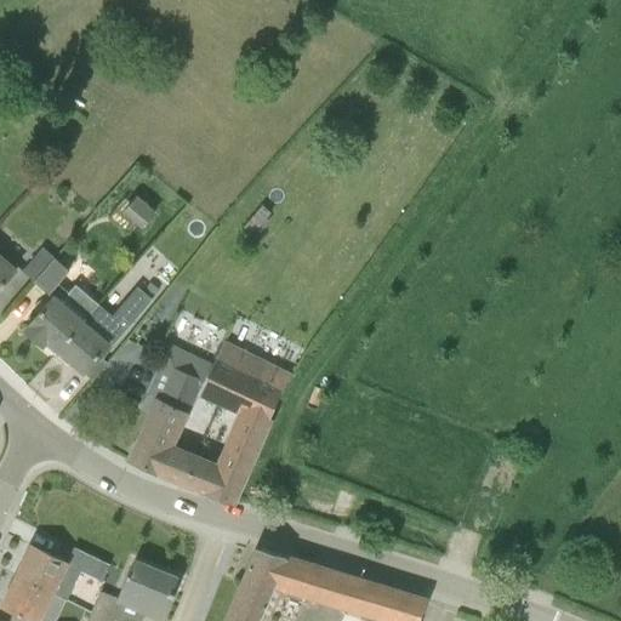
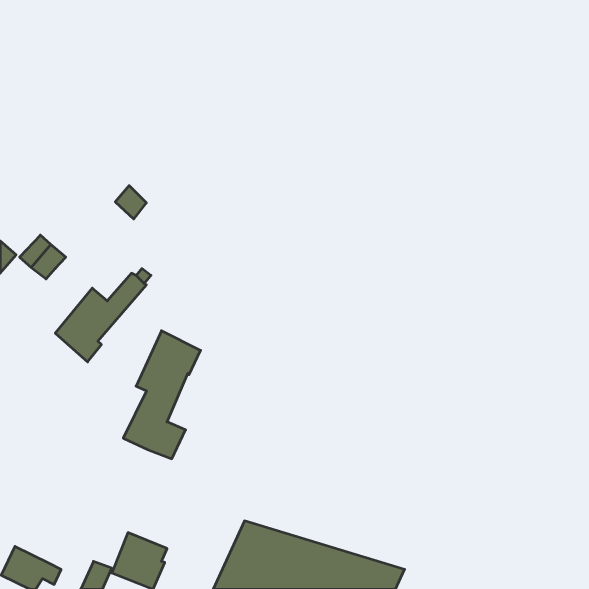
building: [24,284,97,351] -> none
building: [181,342,291,503] -> none
building: [16,545,109,600] -> none

